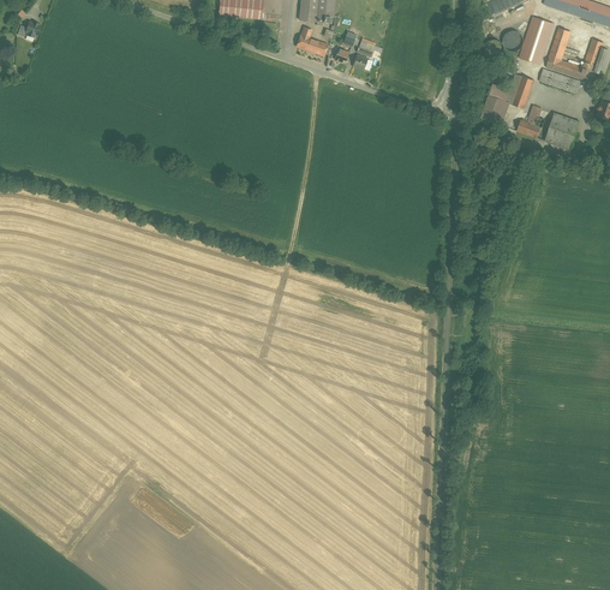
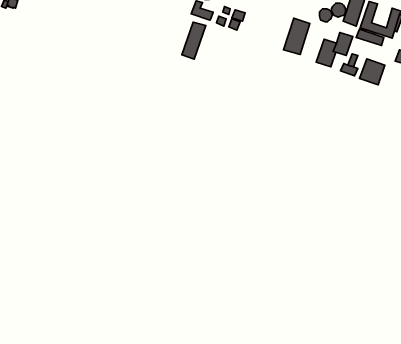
building: none -> [283,18,310,54]
building: none -> [182,22,206,59]

